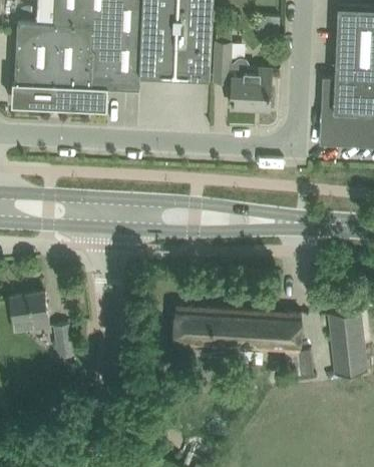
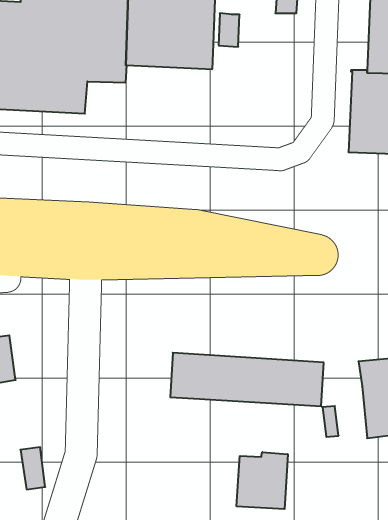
building: [230,61,271,110] -> none
building: [53,325,73,359] -> [20,447,45,489]
building: none -> [237,452,288,509]

